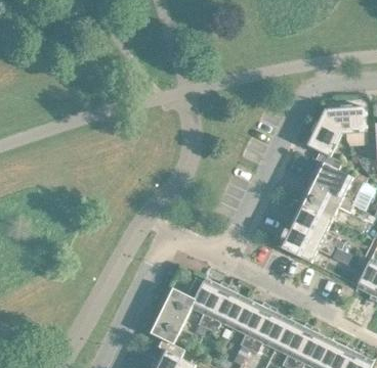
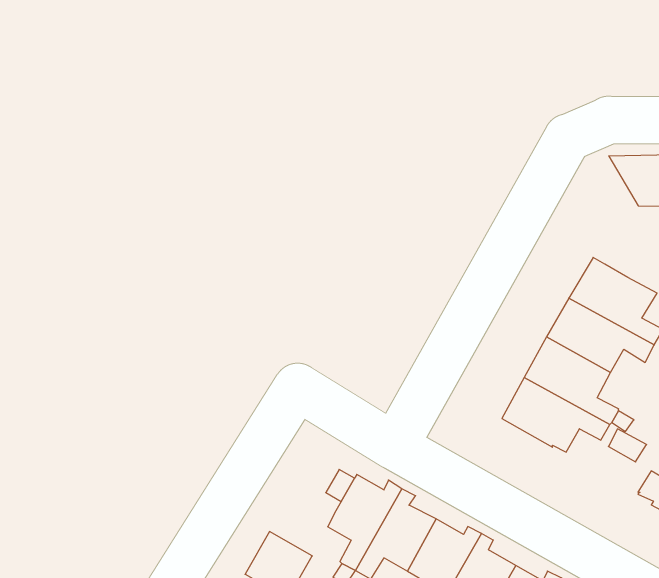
building: [307,109,342,171] -> none
building: [162,288,195,322] -> none

